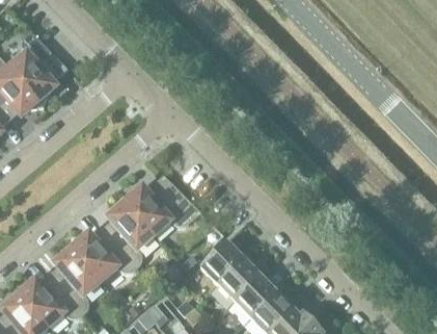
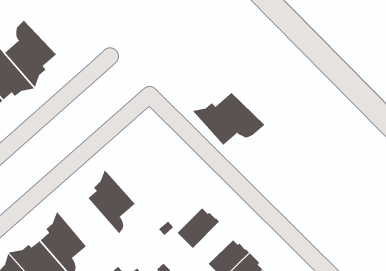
building: [119,176,200,235] -> [192,92,265,146]
building: [66,229,136,282] -> none
building: [217,255,262,302] -> none

